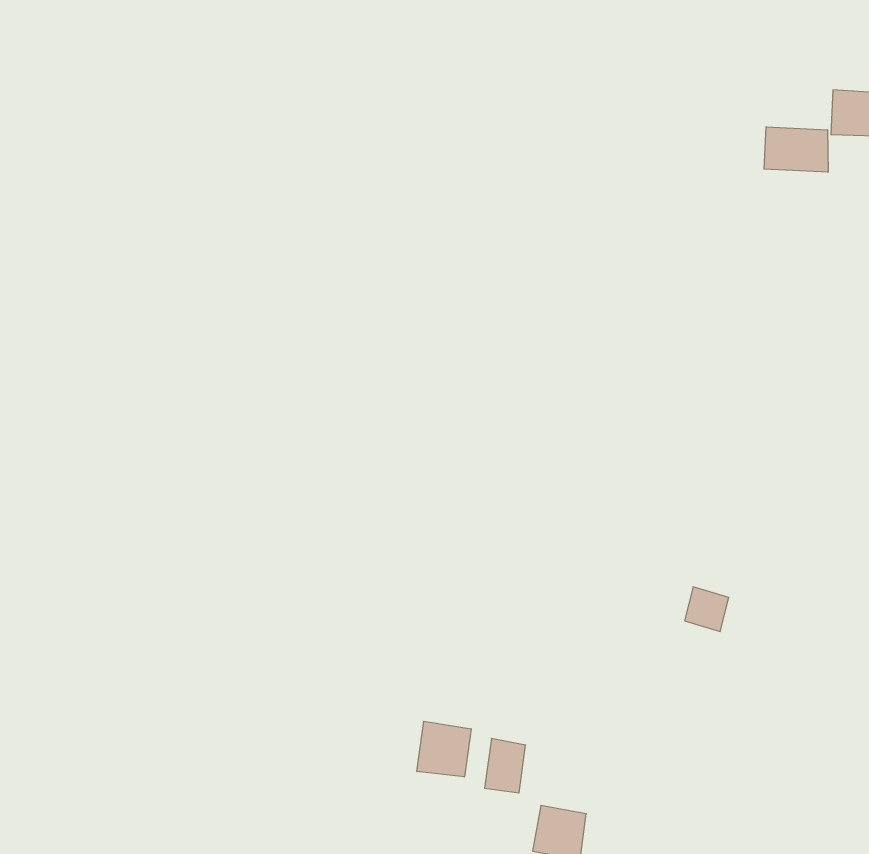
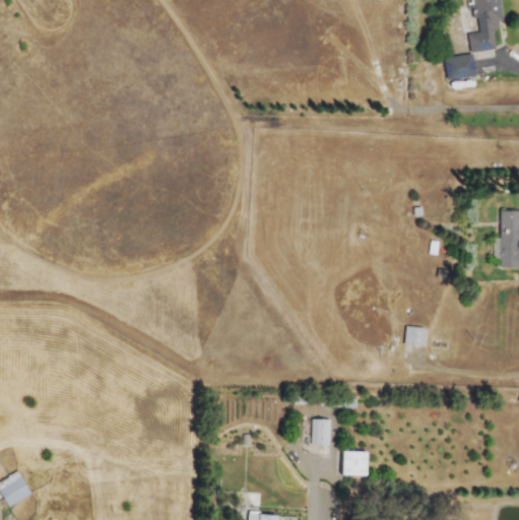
building: [764,127,828,172] -> none
building: [417,721,471,777] -> none

